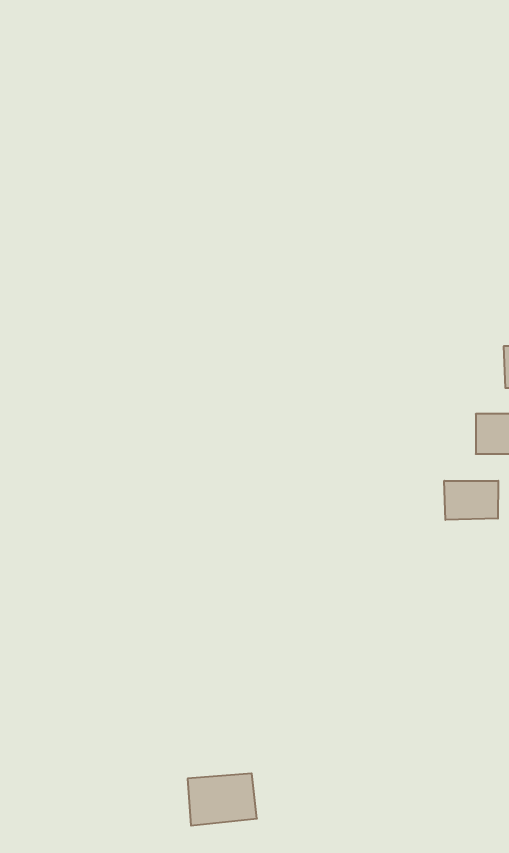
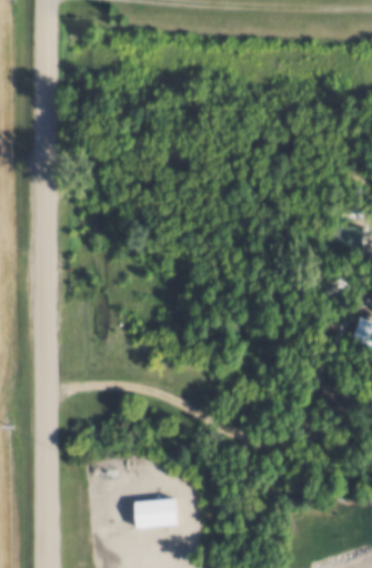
building: [444,481,498,520] -> none

